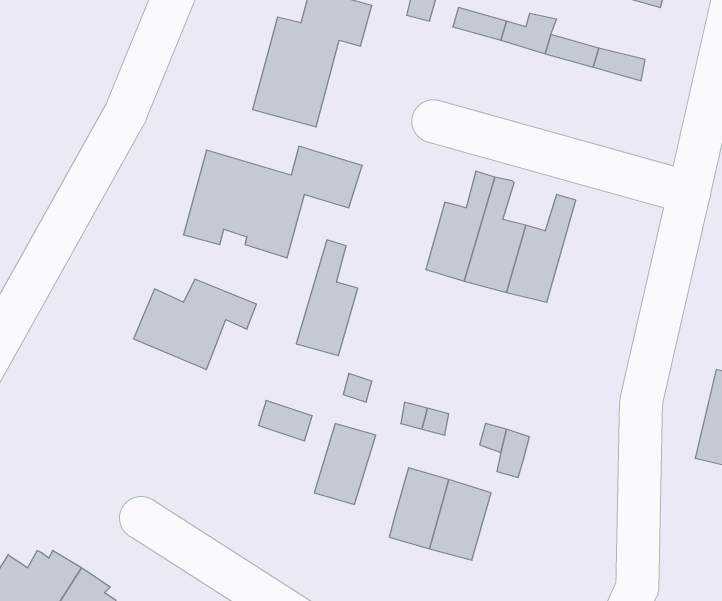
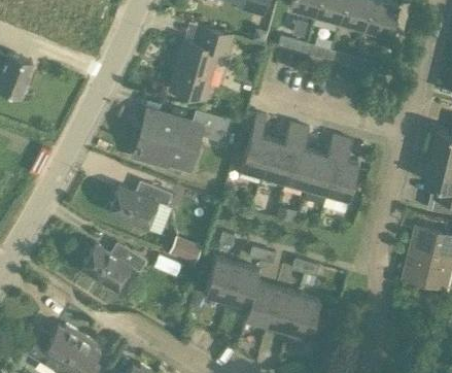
building: none -> [328,139,360,201]
building: [296,240,358,355] -> [241,114,274,176]
building: none -> [80,242,147,292]
building: none -> [225,265,258,308]
building: none -> [288,296,320,338]

